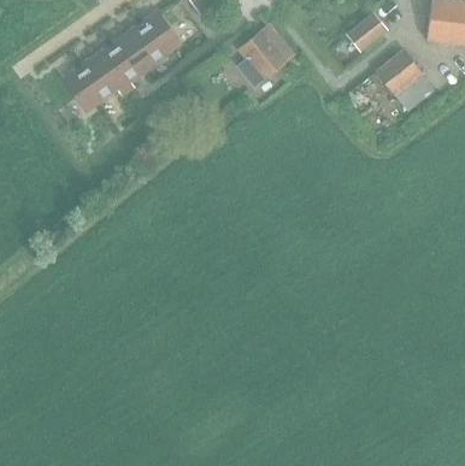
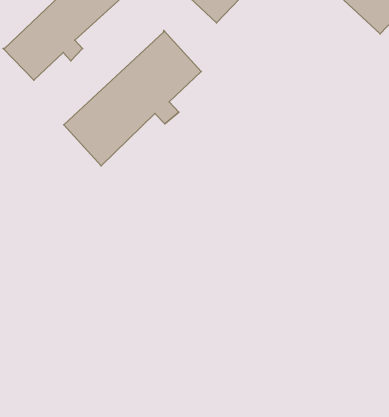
building: none -> [64,31,201,166]

